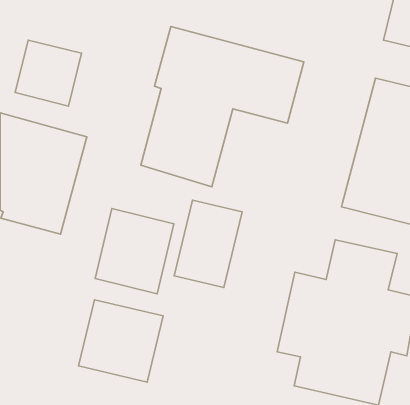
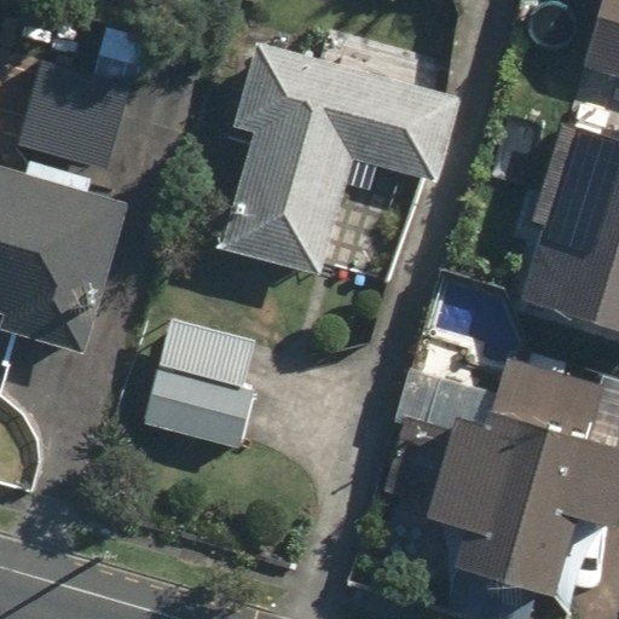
building: [174,200,242,288] -> none
building: [79,300,163,382] -> none

